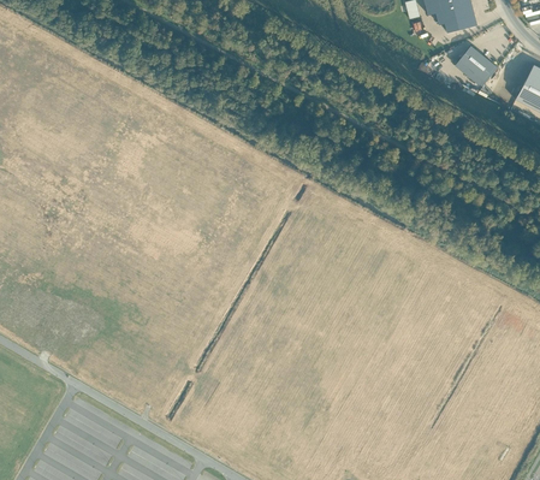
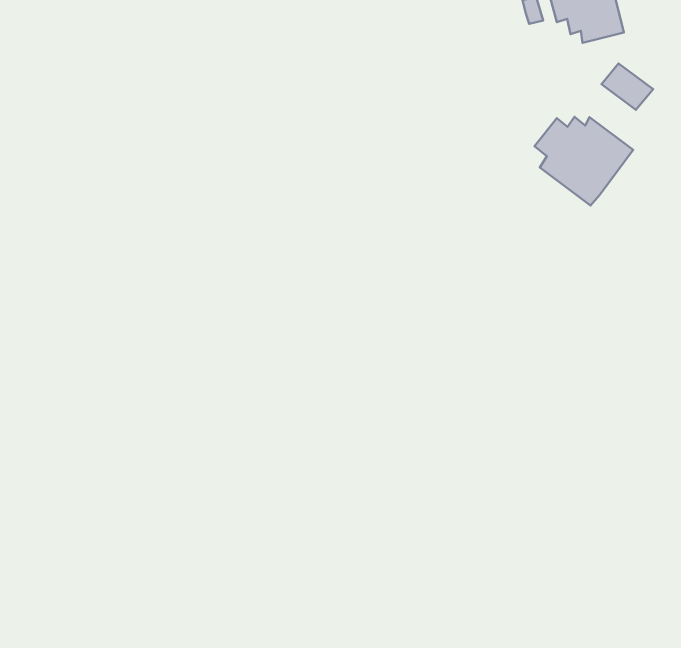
building: none -> [534,117,633,206]

